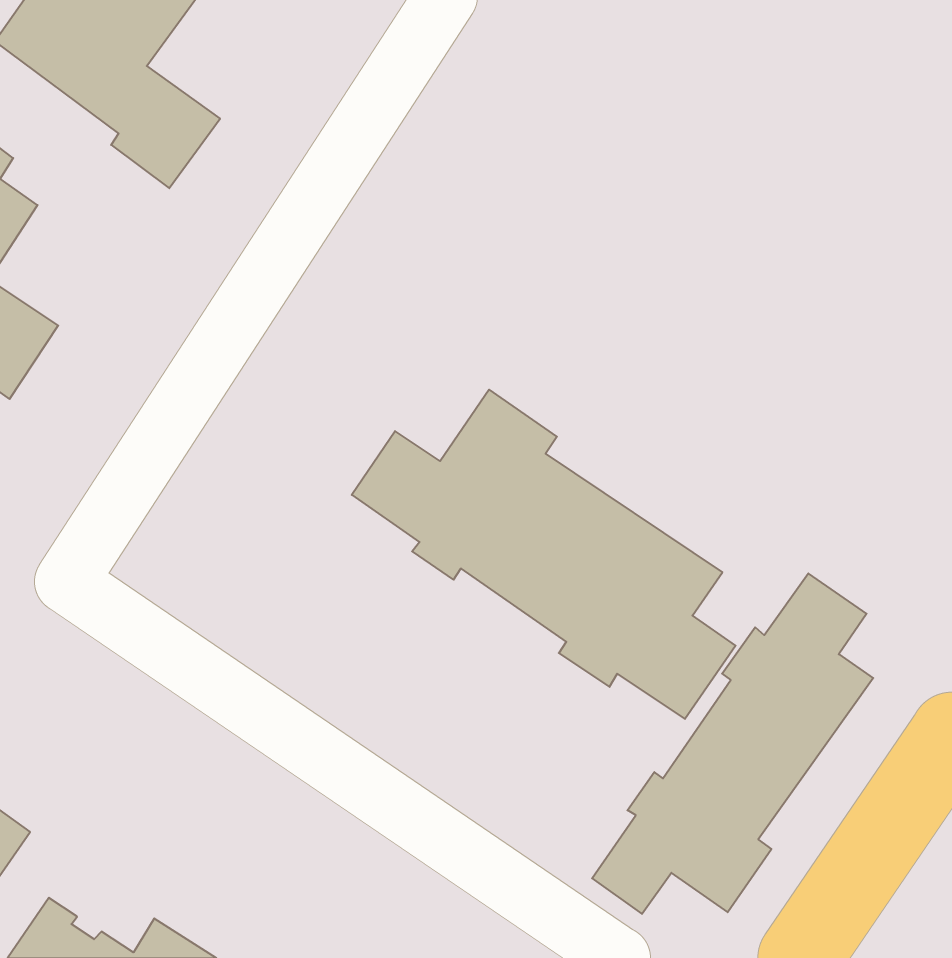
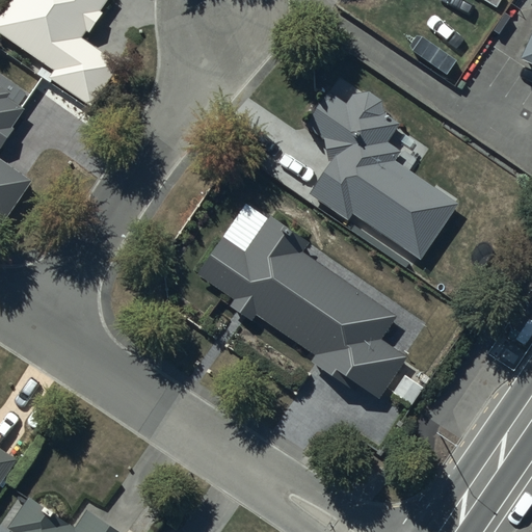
building: none -> [304,85,458,265]
building: [592,573,873,914] -> none

